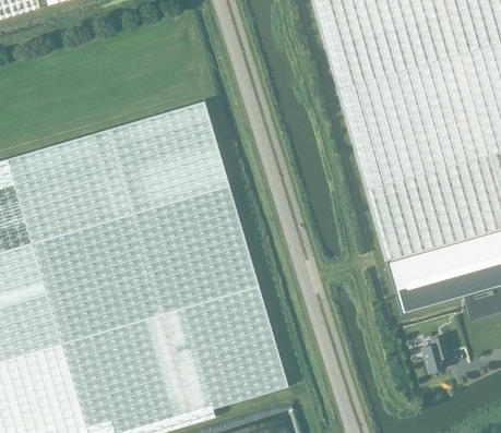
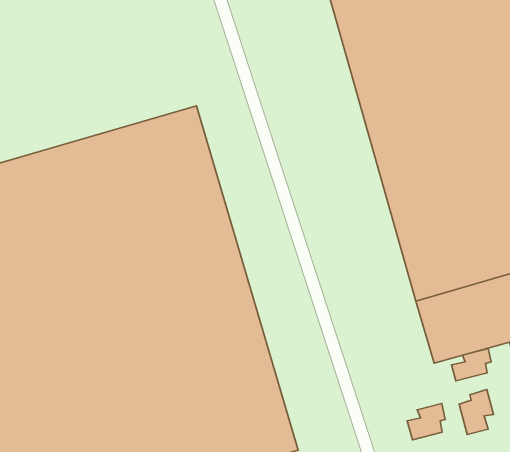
building: none -> [451,348,491,381]
building: none -> [407,404,445,440]

